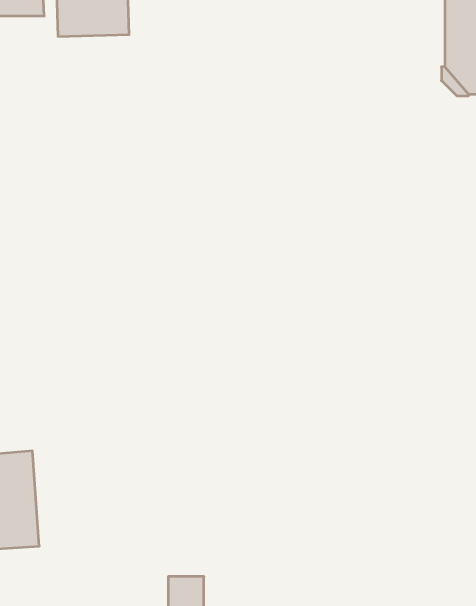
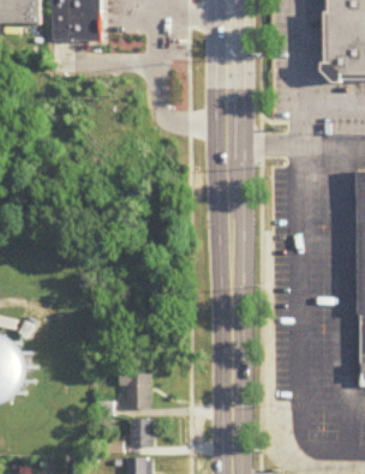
building: none -> [118,372,149,408]

